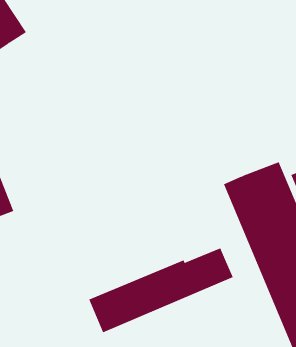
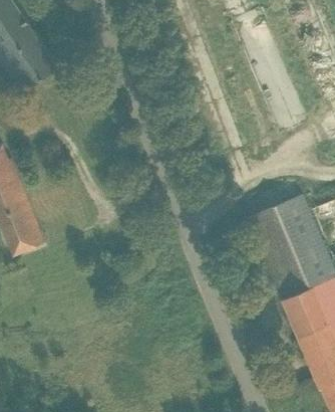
building: [88,247,234,333] -> none

